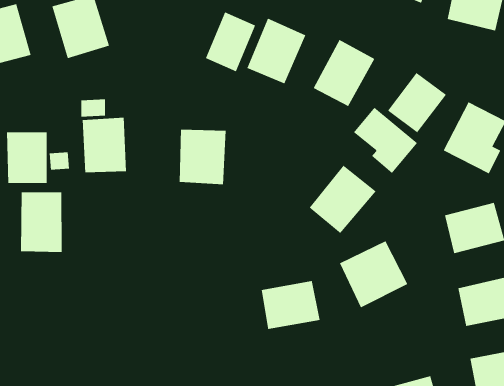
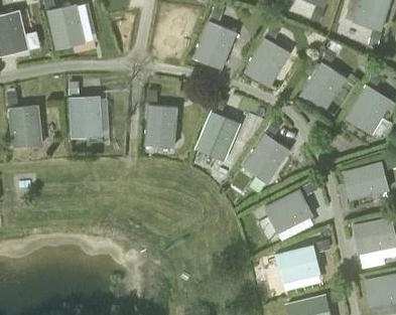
building: [205,12,256,72] -> none
building: [353,107,418,174] -> none
building: none -> [194,112,241,162]
building: [20,191,62,253] -> none
building: [261,280,320,329] -> [275,247,320,284]

